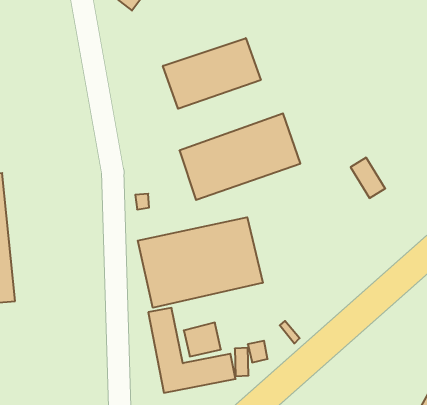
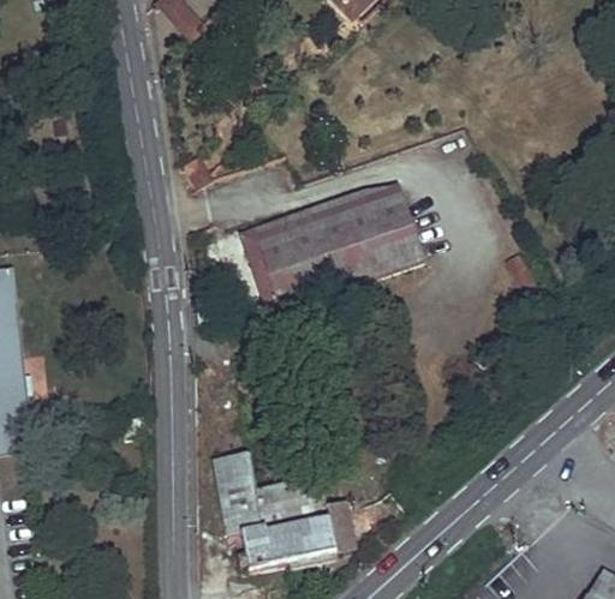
building: [163,38,261,109] -> none
building: [138,217,263,308] -> none

